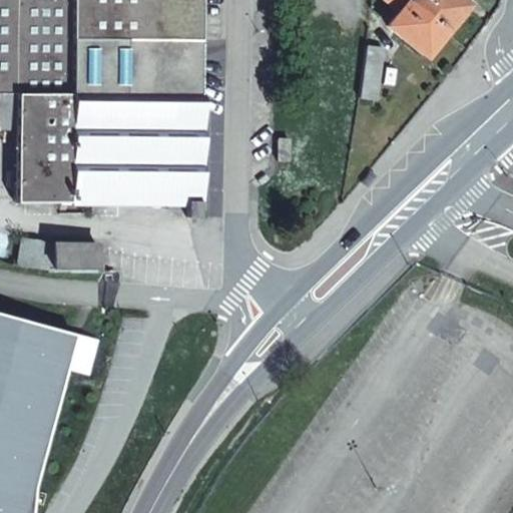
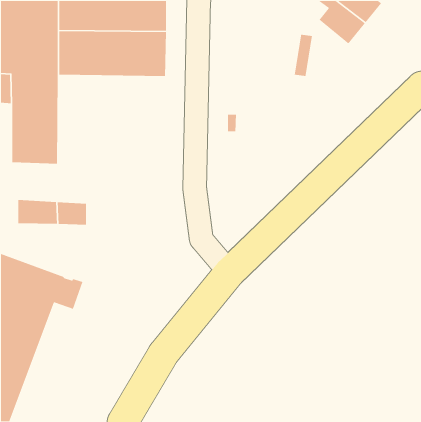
building: [71,91,202,215] -> none

